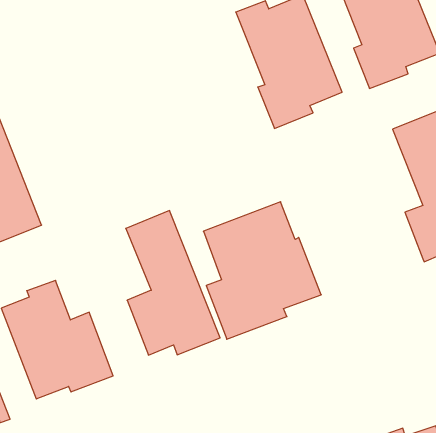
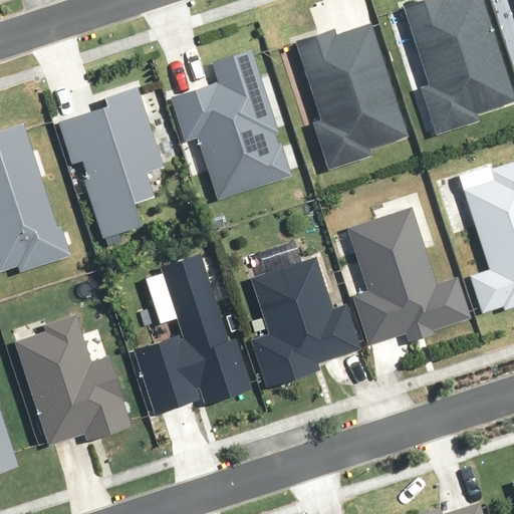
building: none -> [172,49,303,198]
building: none -> [59,83,180,238]
building: none -> [339,207,474,353]

